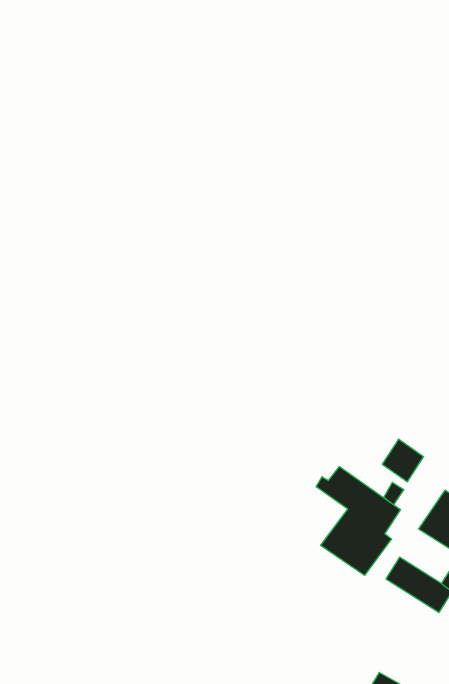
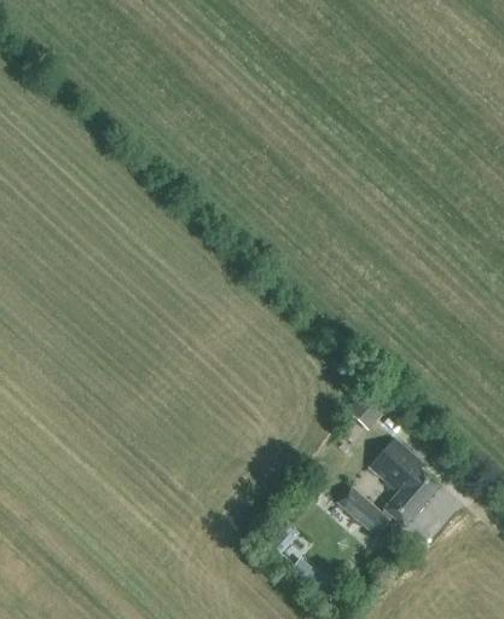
building: [316,467,401,575] -> none

